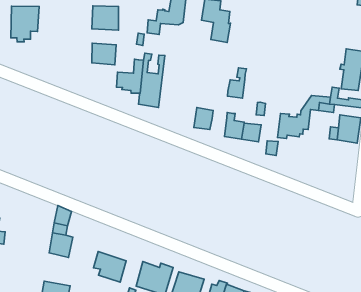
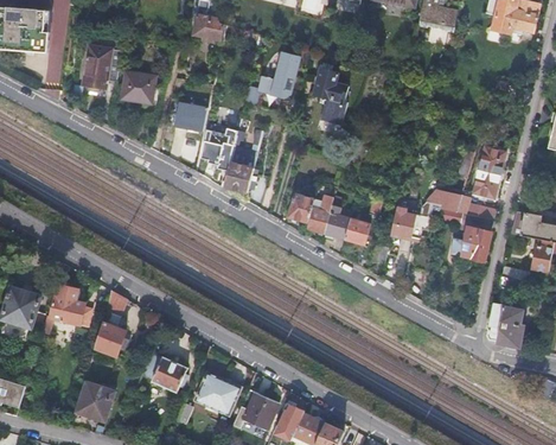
building: [92,6,119,30] -> [120,68,155,101]
building: [227,68,247,98] -> [306,197,333,234]
building: none -> [40,294,87,349]

